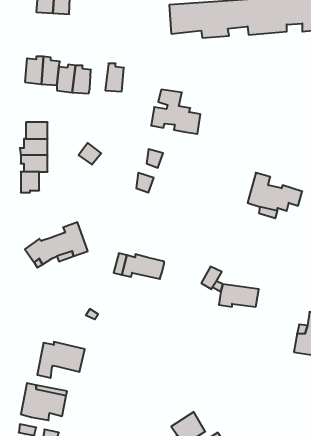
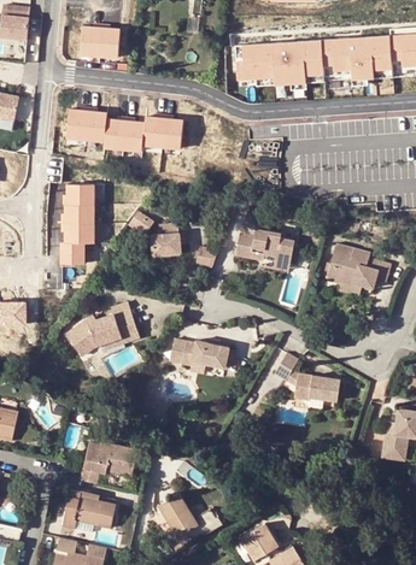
building: none -> [142,114,164,147]
building: [151,90,200,134] -> [236,212,294,264]
building: none -> [152,222,182,254]
building: none -> [158,493,198,537]

